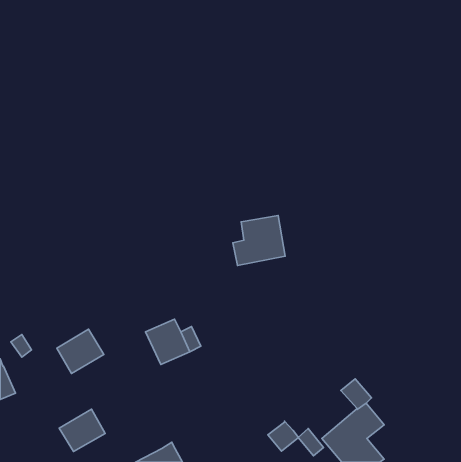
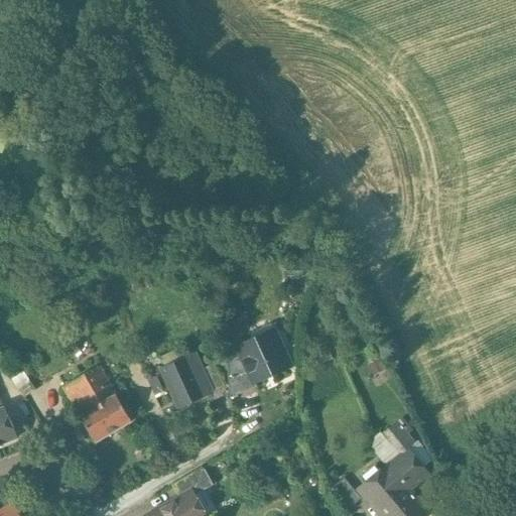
building: [233,216,285,265] -> [228,334,286,389]
building: [59,409,105,452] -> [81,395,132,442]
building: none -> [173,468,215,500]
building: [268,421,298,451] -> none

